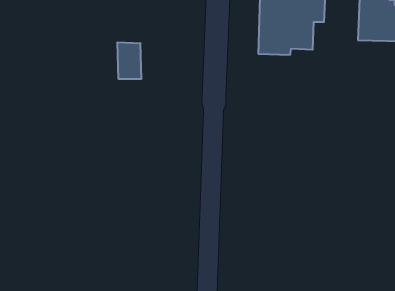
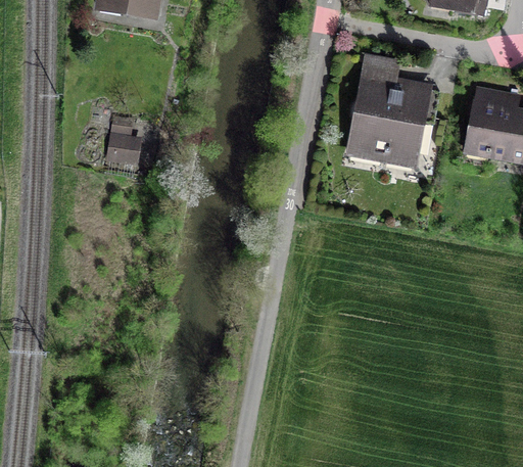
building: [117,43,142,79] -> [109,126,142,173]

